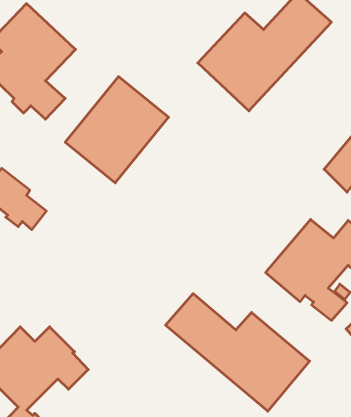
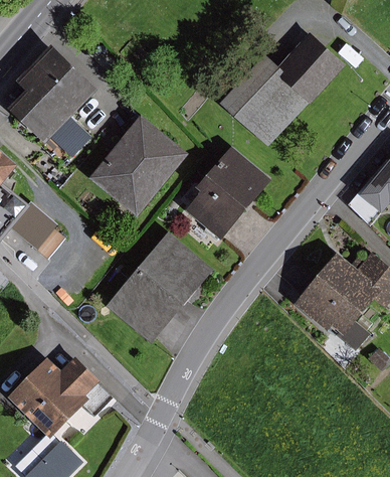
building: none -> [188,145,273,238]
building: none -> [108,230,215,343]
building: [166,294,310,411] -> none

